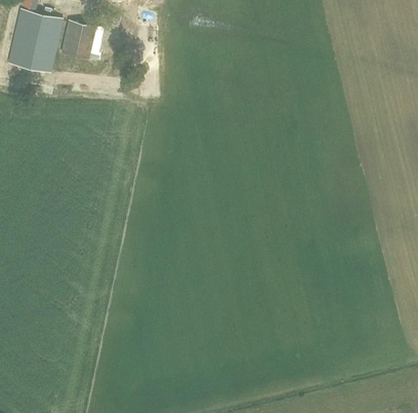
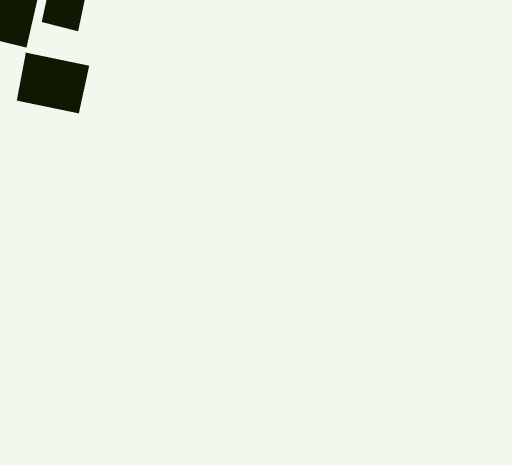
building: none -> [16,52,90,114]

